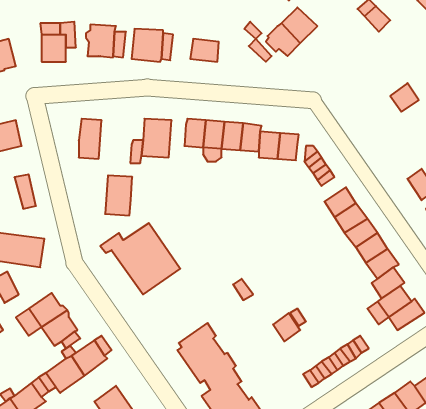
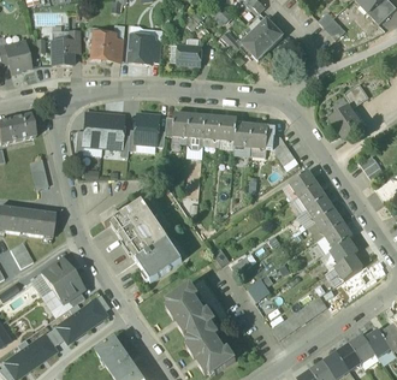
building: none -> [330,106,363,136]
building: [105,175,132,215] -> [100,113,123,147]
building: none -> [137,238,182,280]

